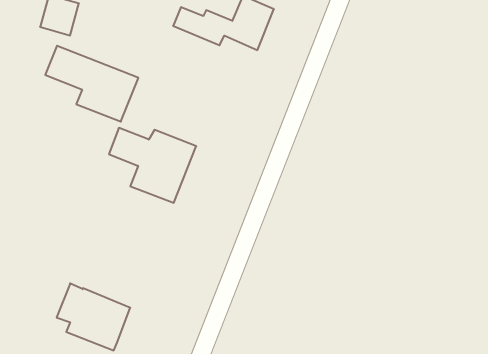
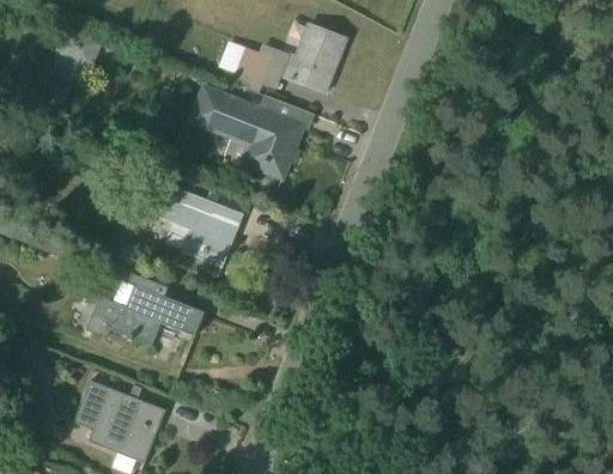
building: [45,46,138,122] -> [186,85,301,178]
building: none -> [89,269,202,346]

